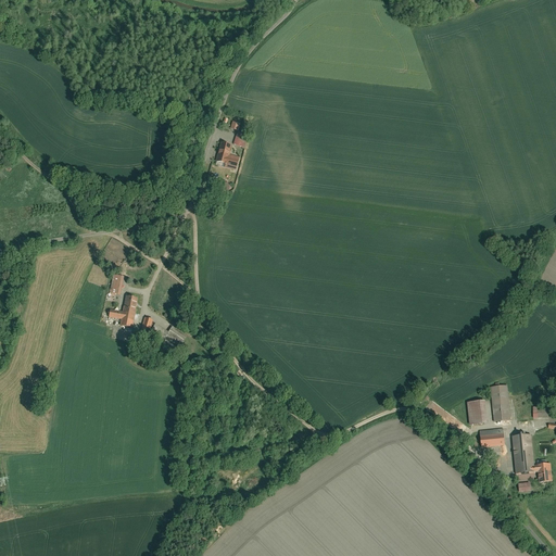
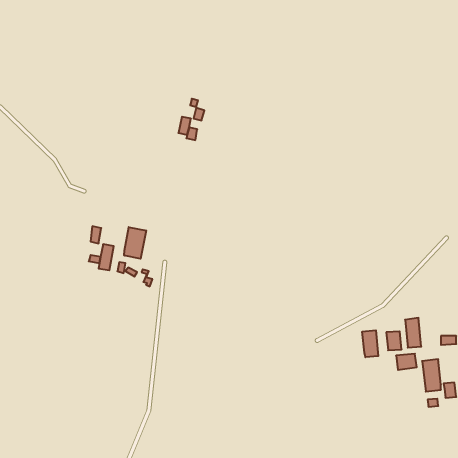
building: none -> [124,227,146,259]
building: none -> [362,330,378,357]

